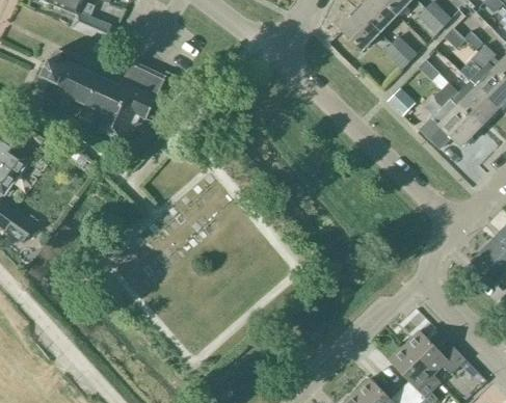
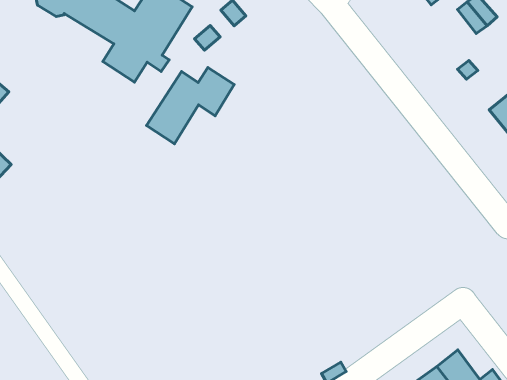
building: none -> [146,67,234,144]

